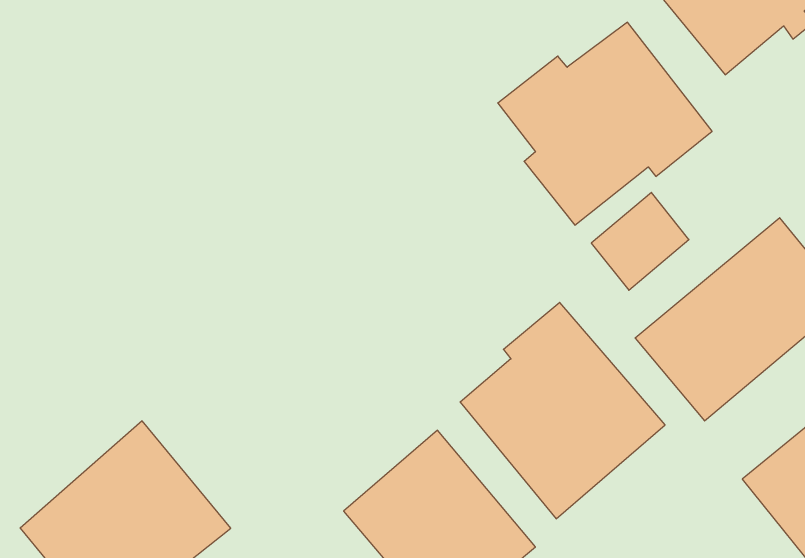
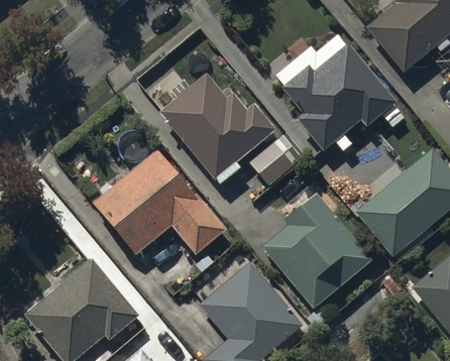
building: none -> [158,73,276,184]
building: [591,192,689,290] -> [250,134,303,187]
building: none -> [93,147,227,255]

